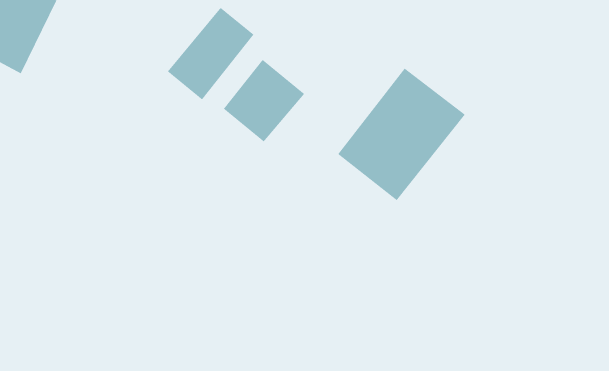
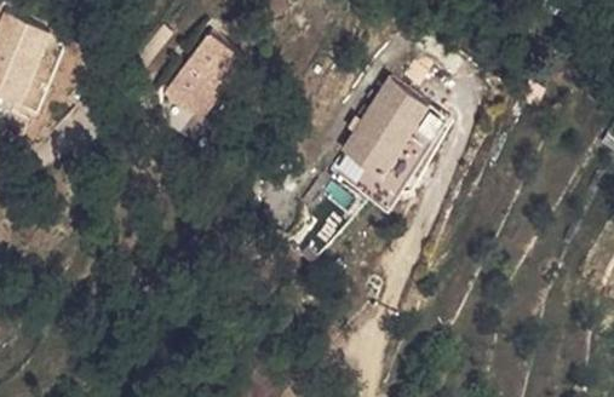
building: [223,59,305,142] -> none

